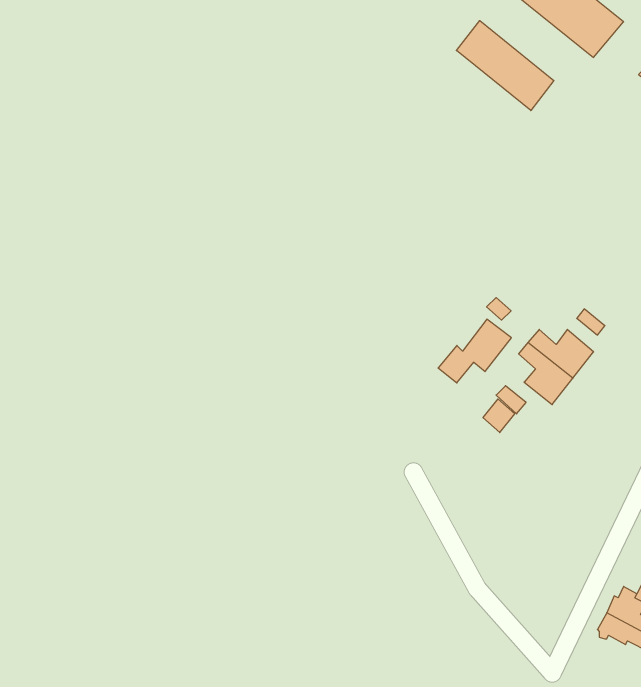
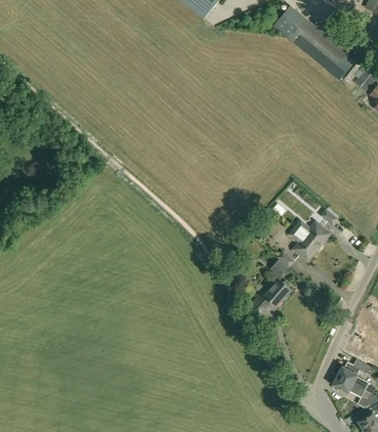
building: [456,21,554,111] -> none
building: [438,319,511,383] -> [251,277,291,312]

